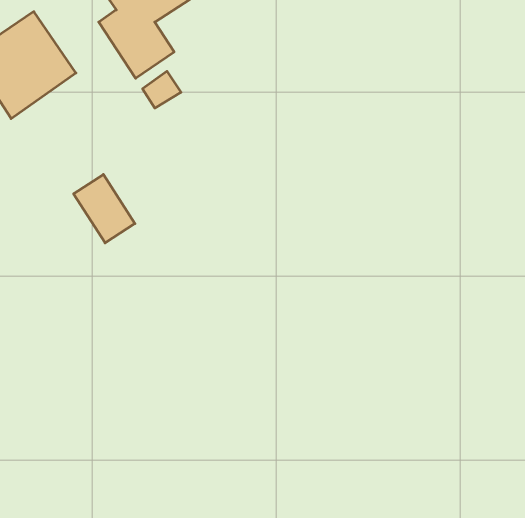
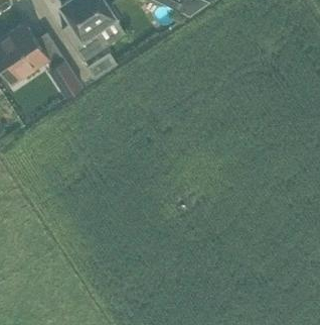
building: [74,174,135,243] -> [48,59,84,98]

